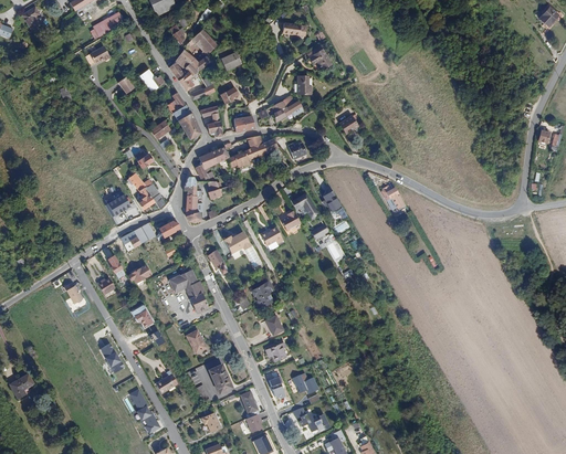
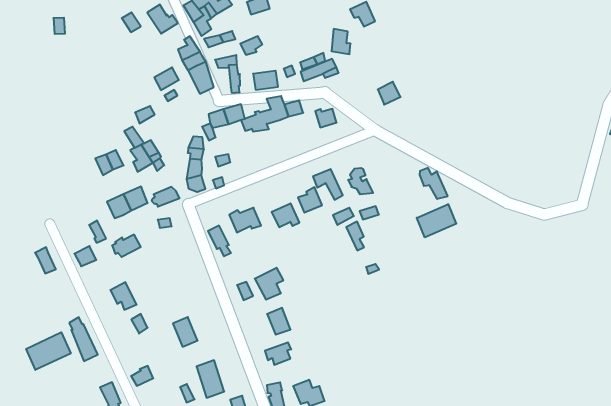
building: none -> [417,204,456,237]
building: [169,268,208,312] -> none
building: none -> [26,332,71,370]

